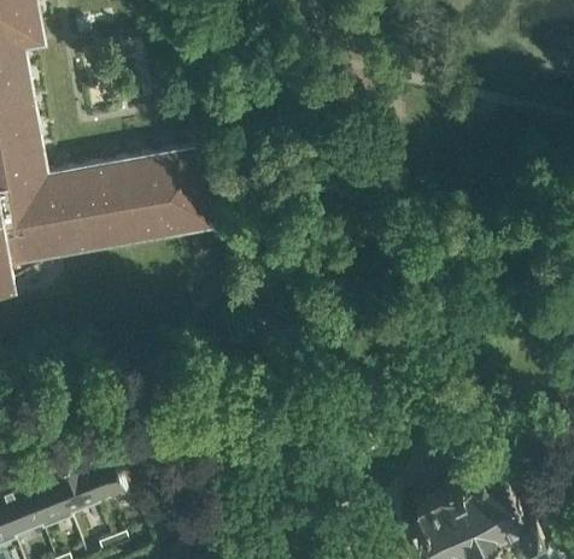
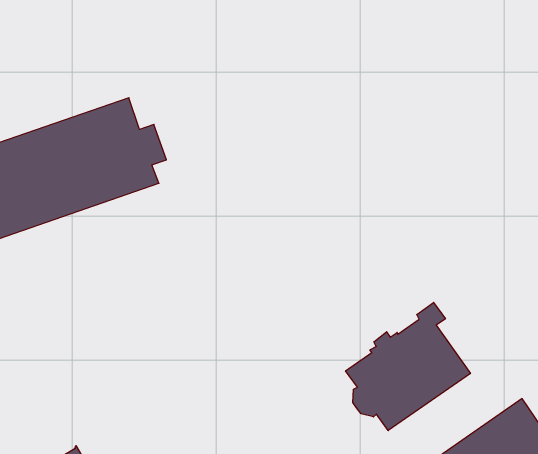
building: none -> [346,302,470,431]

